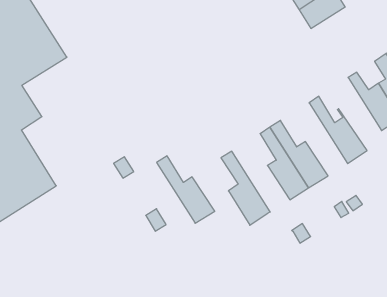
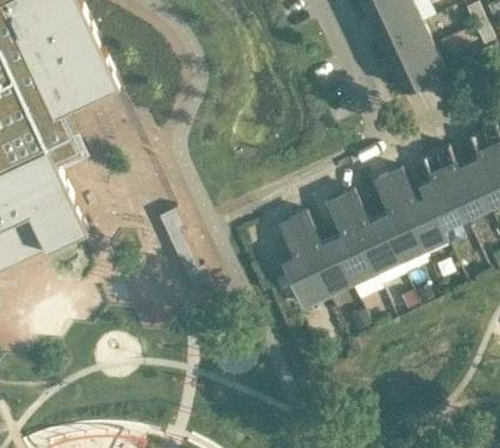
building: none -> [421,152,467,238]
building: none -> [376,175,424,261]
building: [157,156,215,223] -> [293,213,353,293]

